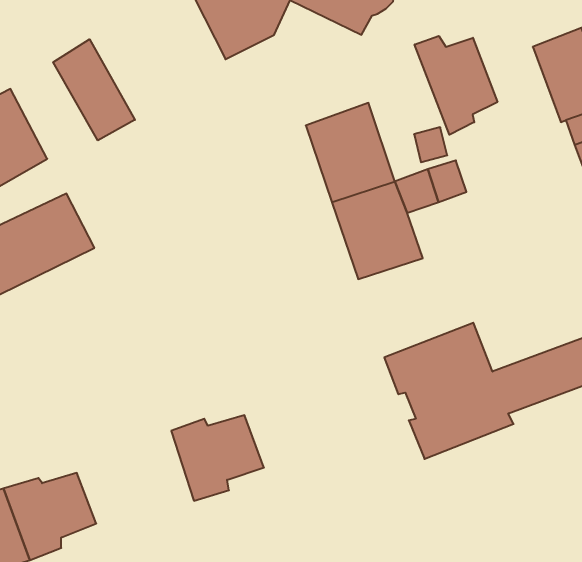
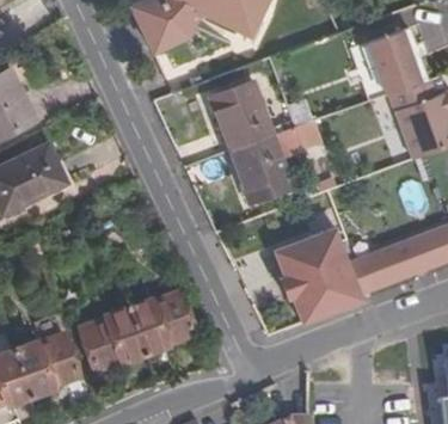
building: [415,36,497,135] -> none
building: [53,39,135,140] -> none
building: none -> [75,307,136,365]

